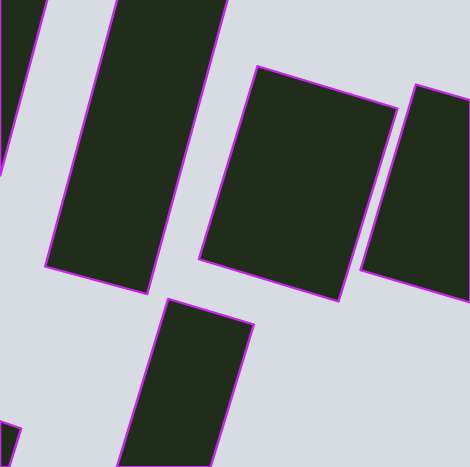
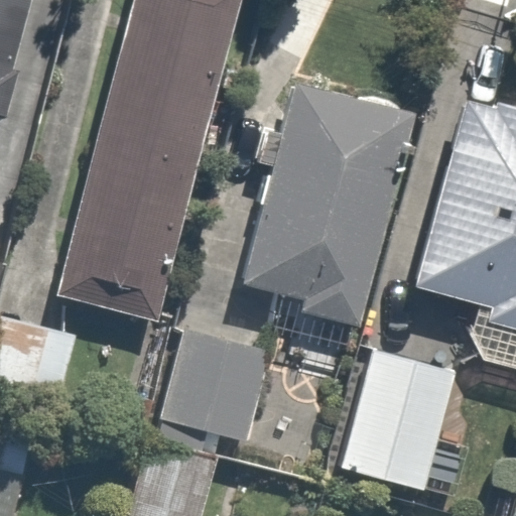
building: none -> [341,348,466,493]

